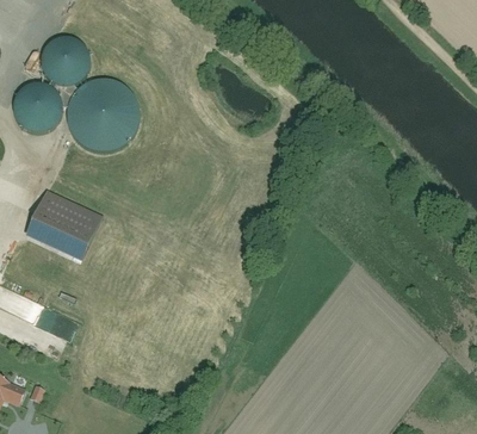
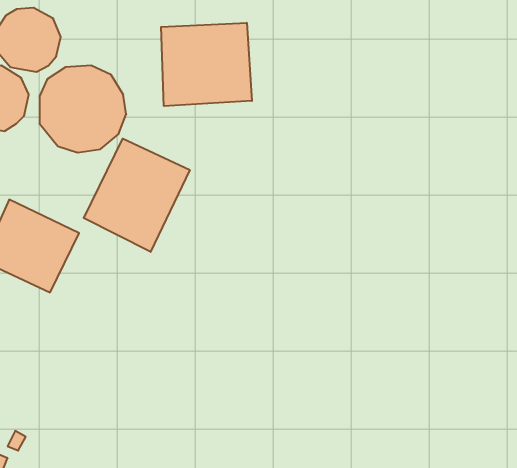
building: none -> [161,23,252,106]
building: none -> [84,139,190,252]

